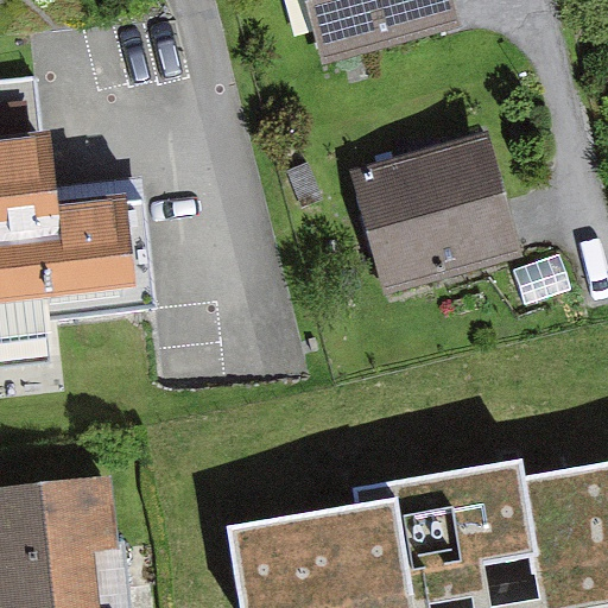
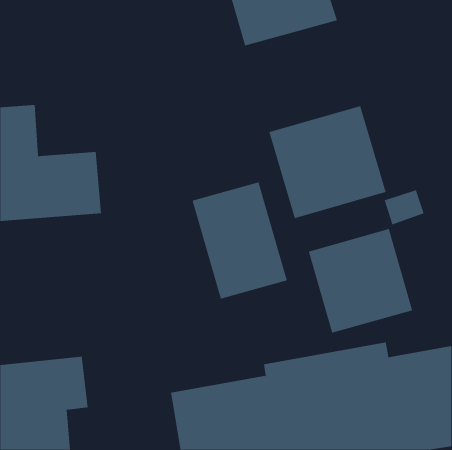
building: none -> [192,181,288,299]
building: none -> [308,228,413,333]

